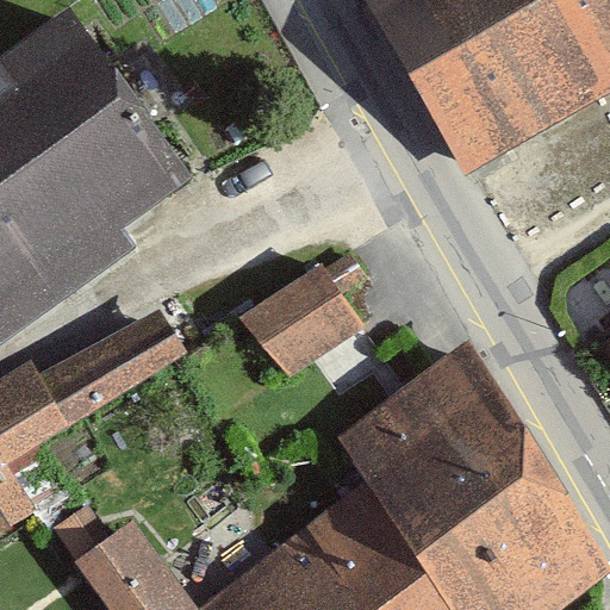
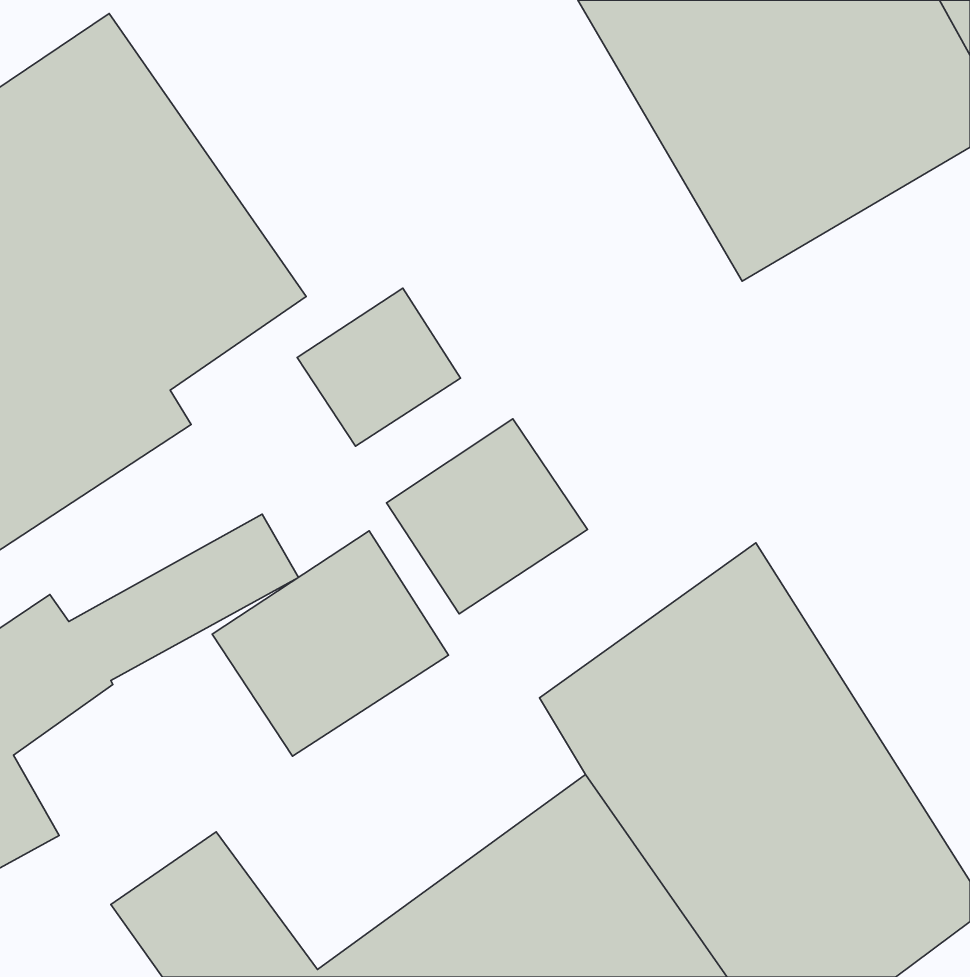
building: none -> [297,288,460,446]
building: none -> [212,531,449,756]

